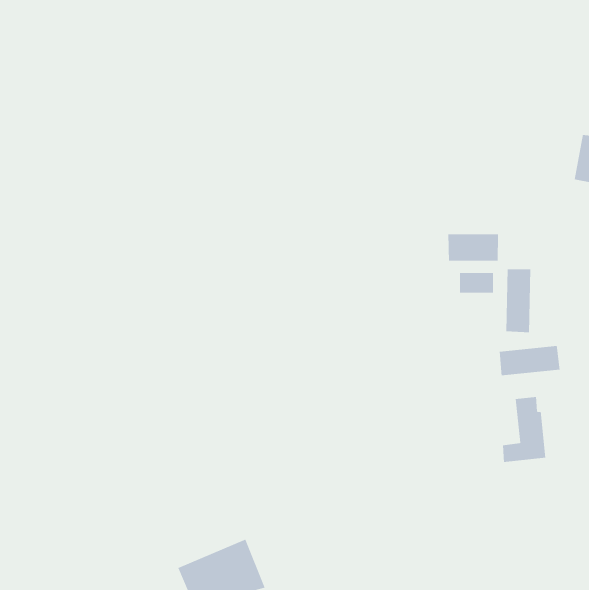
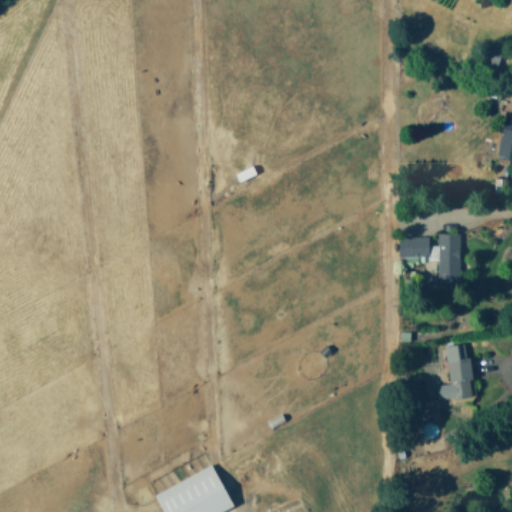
building: [448,234,498,261] -> none
building: [499,345,560,376] -> none

